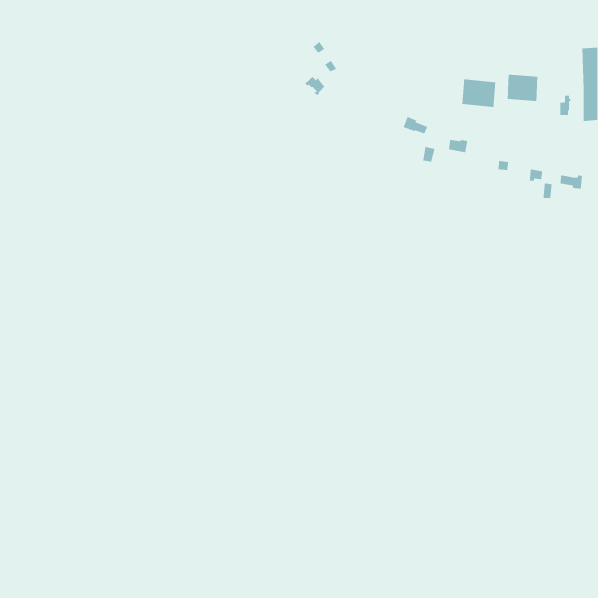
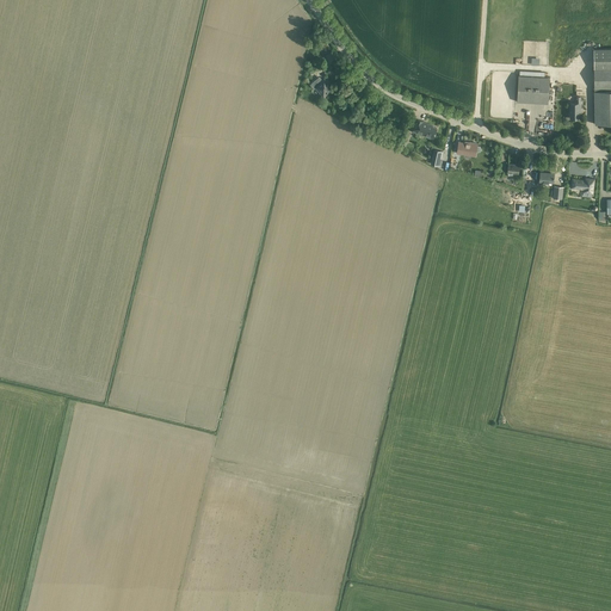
building: [462,79,496,108] -> none

